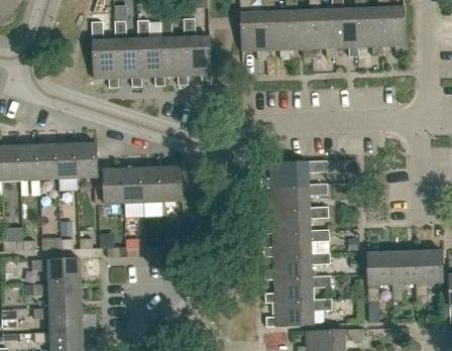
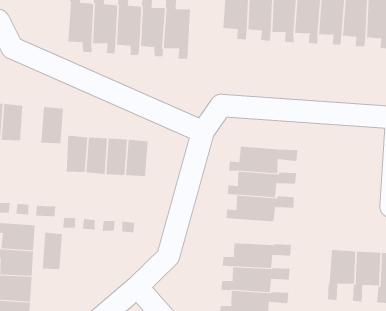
building: [58,142,78,178] -> none
building: [263,228,330,255] -> none
building: none -> [42,232,62,270]

